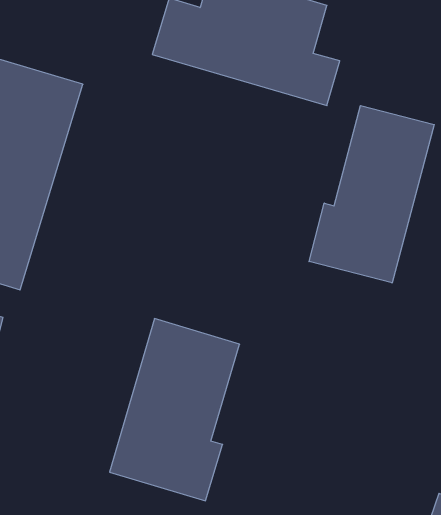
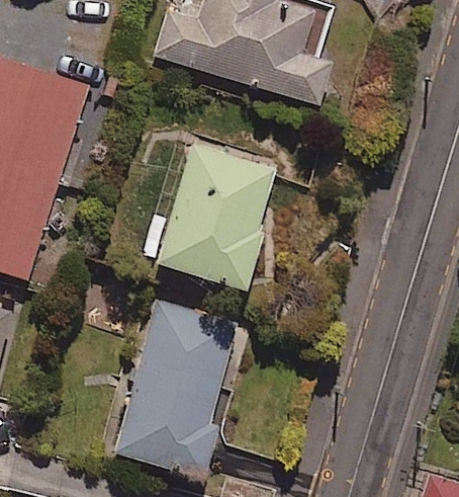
building: [309,106,434,283] -> none
building: none -> [160,144,278,288]

